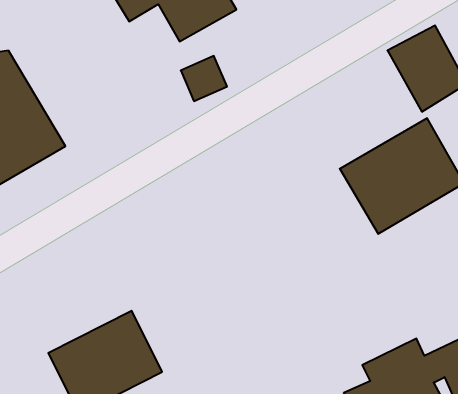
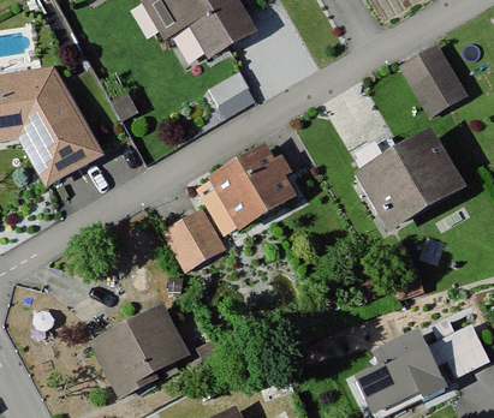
building: none -> [208,141,297,228]
building: none -> [160,209,227,274]

